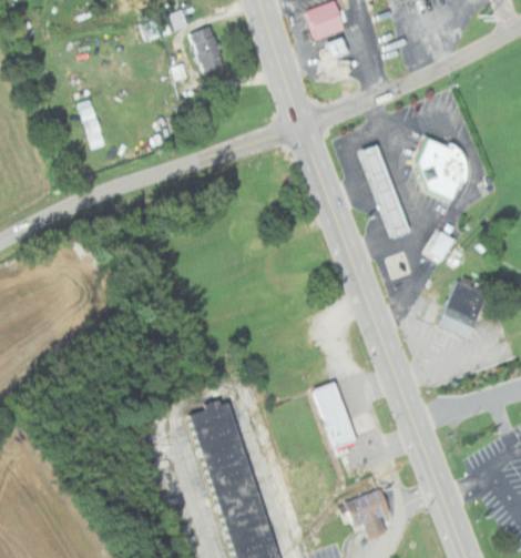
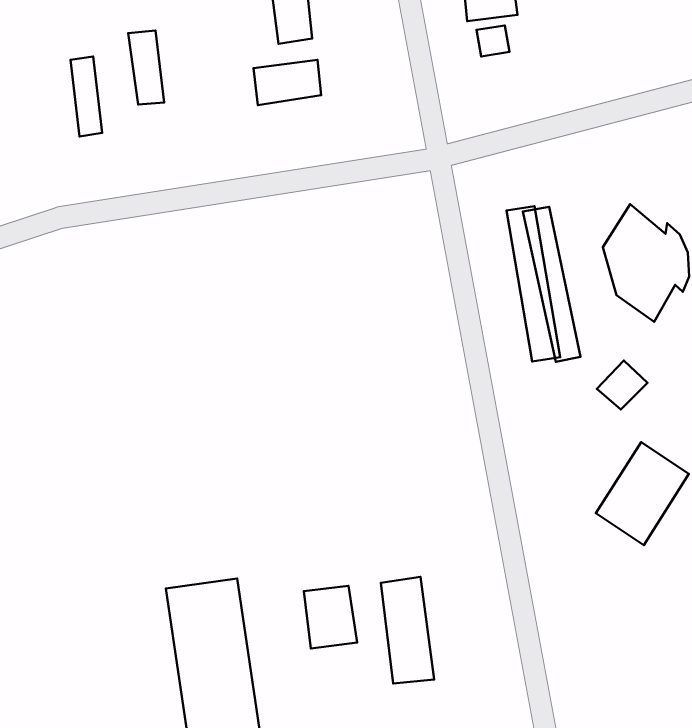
building: none -> [128,30,164,105]
building: none -> [253,60,321,105]
building: none -> [304,586,357,649]

